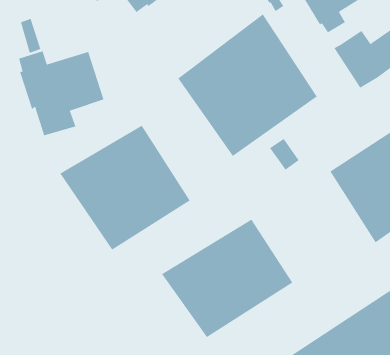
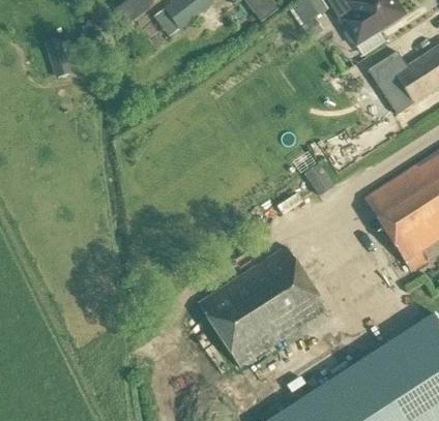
building: [177,13,317,157] -> none
building: [18,50,104,136] -> none
building: [60,125,191,250] -> none

